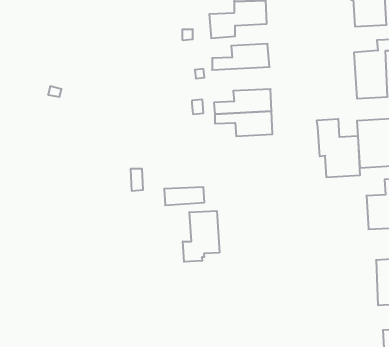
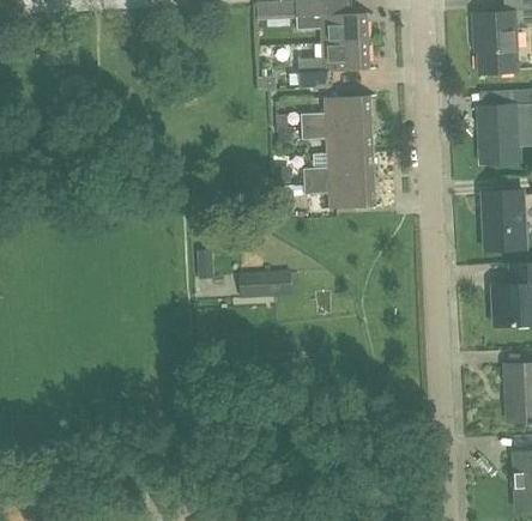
building: none -> [300,123,373,153]
building: [317,119,360,177] -> none
building: [183,211,219,262] -> none

